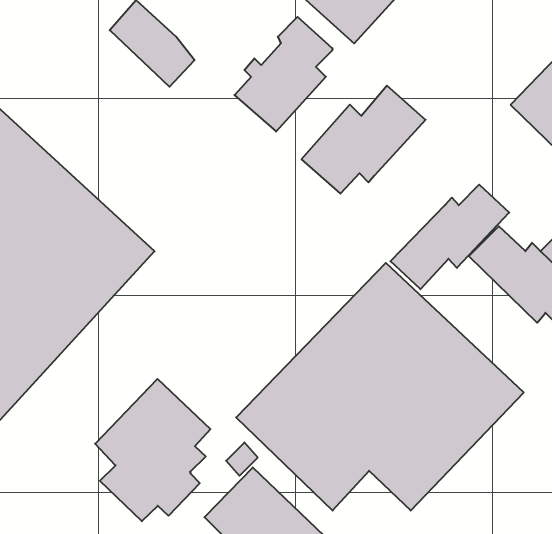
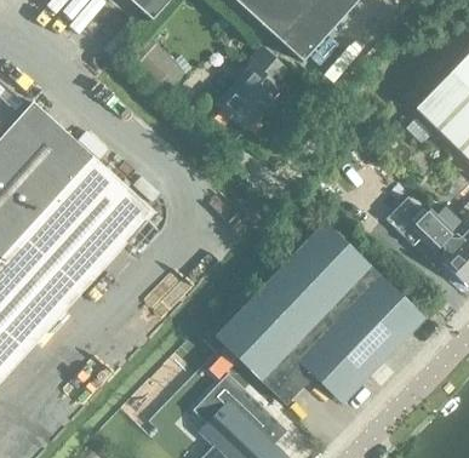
building: [302,86,426,194] -> none
building: [390,185,509,289] -> none
building: [95,379,210,521] -> none

